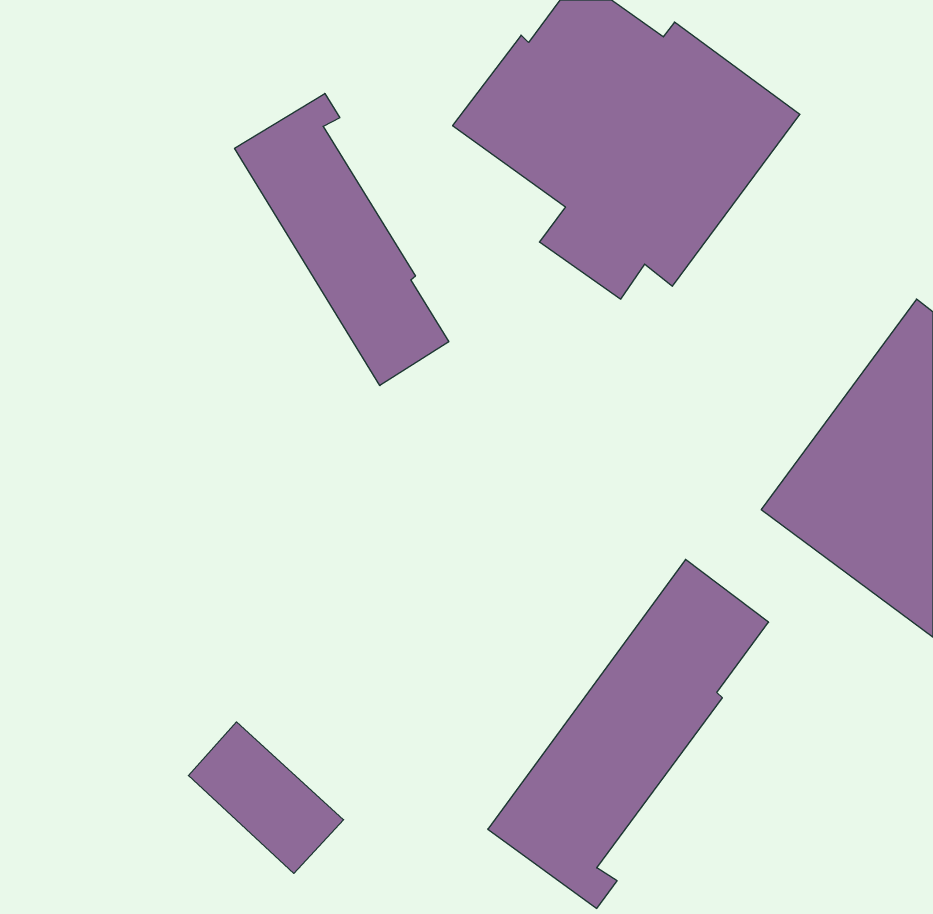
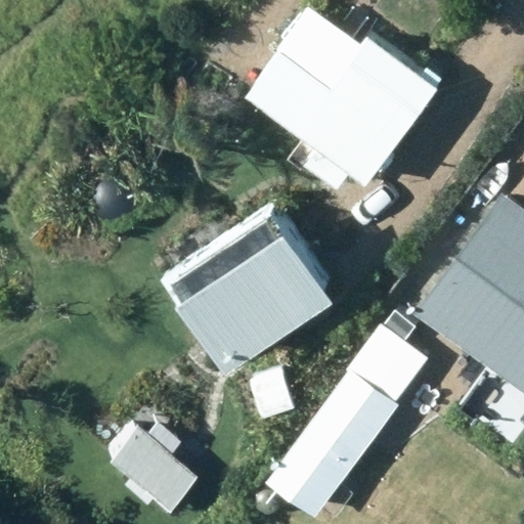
building: [235,93,449,386] -> none
building: none -> [176,214,325,352]

